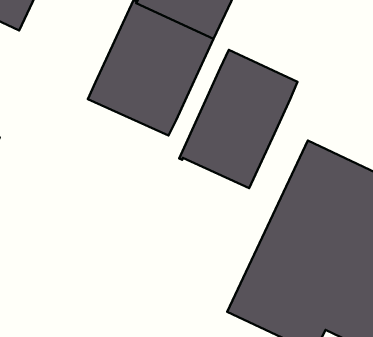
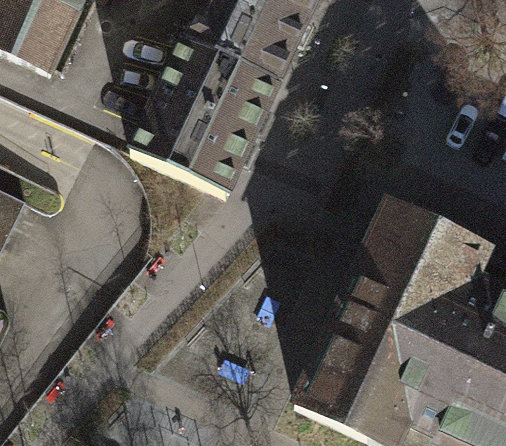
building: [179,50,298,188] -> none

